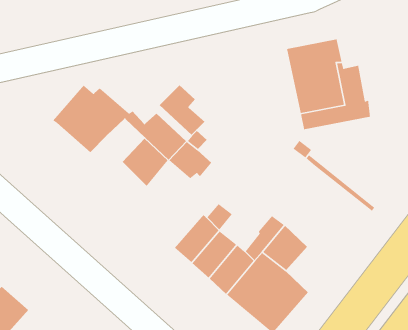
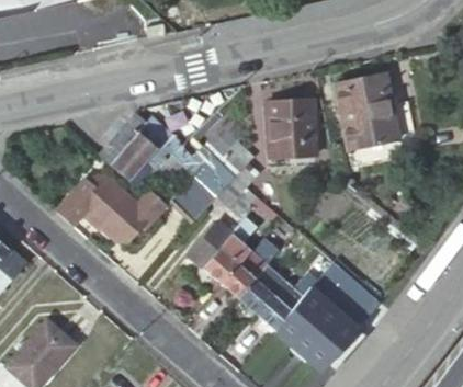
building: none -> [268,99,315,155]
building: none -> [55,174,159,236]
building: none -> [187,216,256,283]
building: none -> [334,282,380,328]

